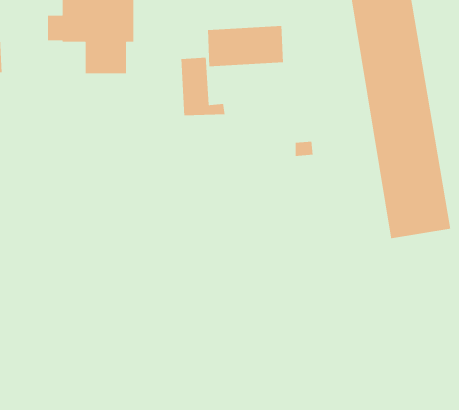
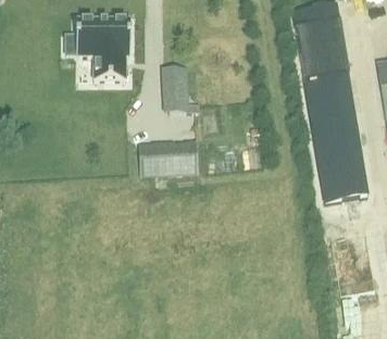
building: [207,25,284,67] -> [139,143,197,175]

